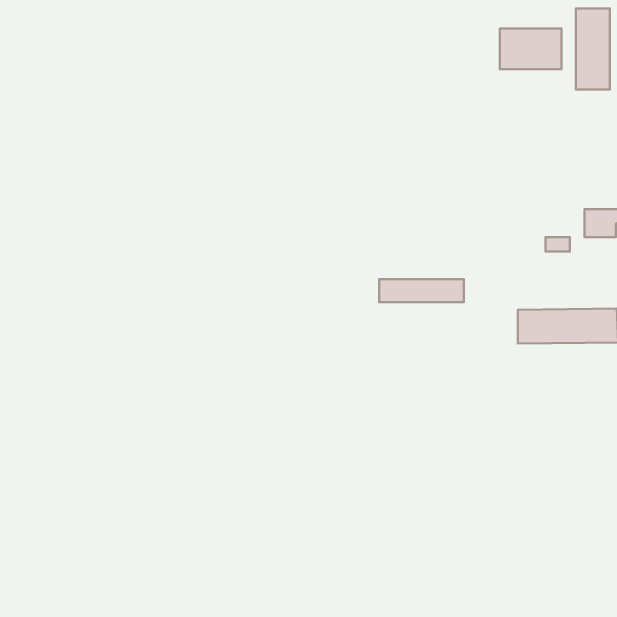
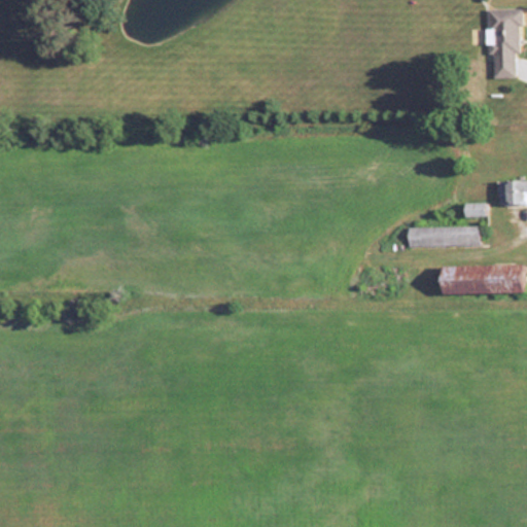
building: [500,29,561,69] -> none
building: [379,279,464,302] -> [409,226,481,246]

